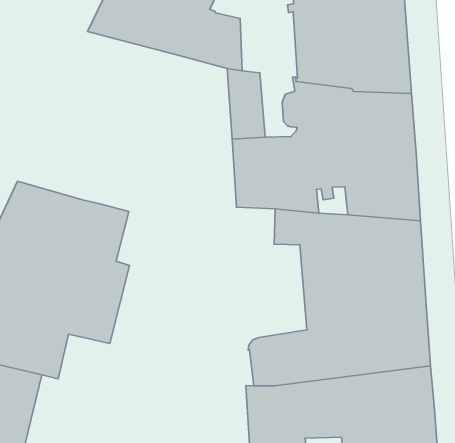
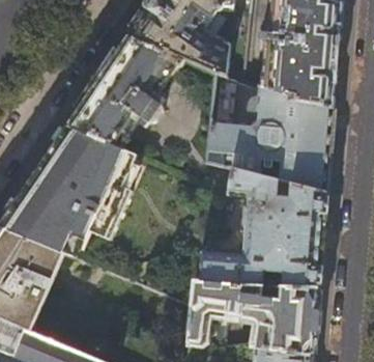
building: none -> [64,33,182,146]

